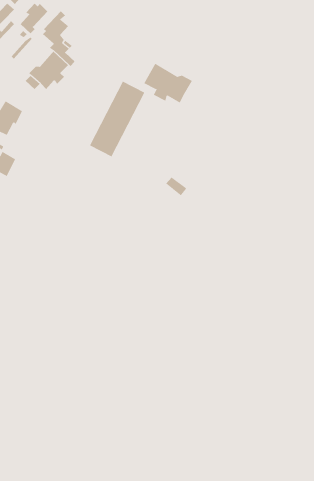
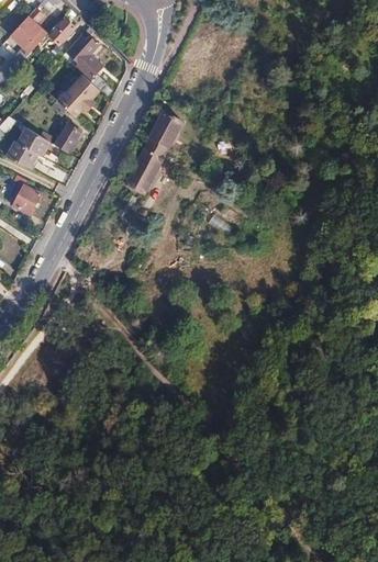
building: [144,63,193,104] -> none
building: none -> [53,122,80,153]

